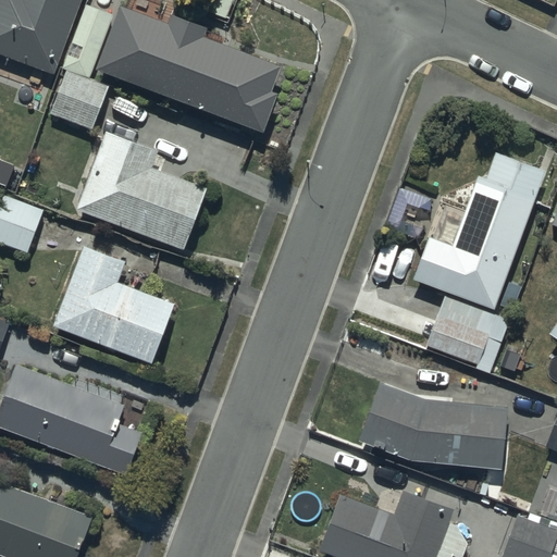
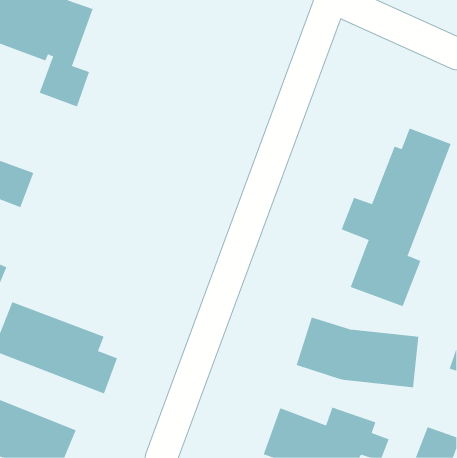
building: [106,15,281,131] -> none
building: [77,134,206,250] -> none
building: [51,245,173,364] -> none

